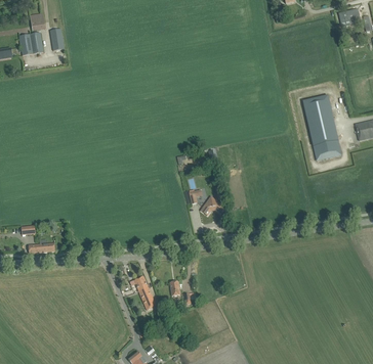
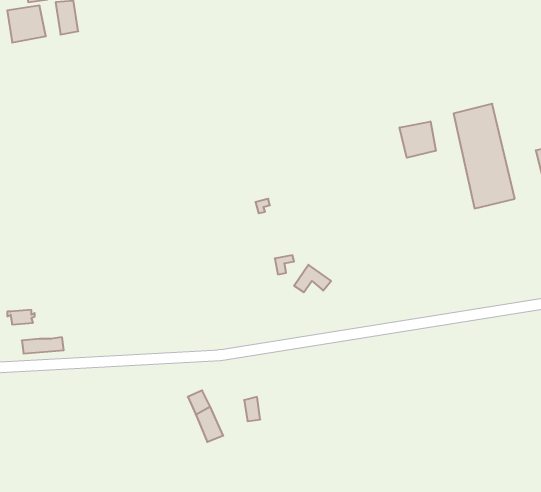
building: none -> [400,121,436,158]

